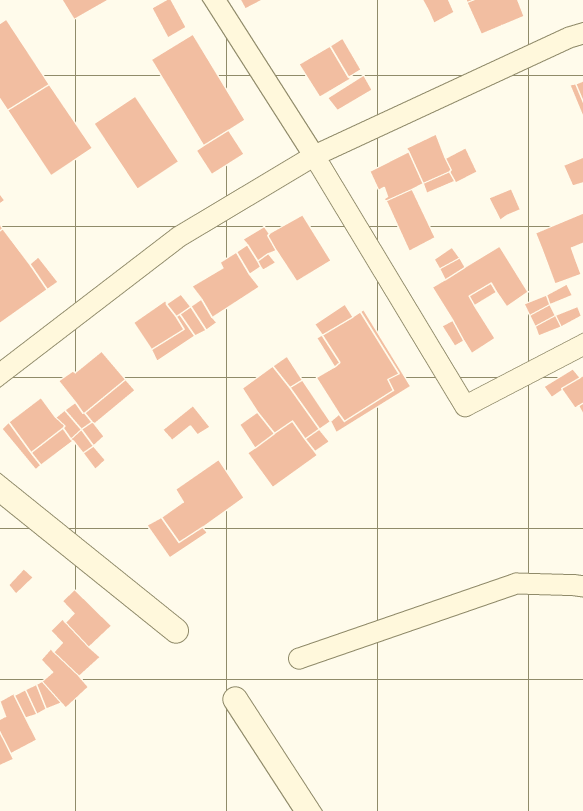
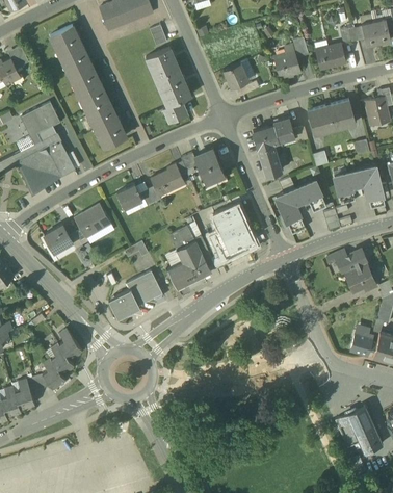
building: none -> [273,51,299,77]
building: none -> [307,101,355,134]
building: [94,96,179,189] -> [84,98,126,147]

